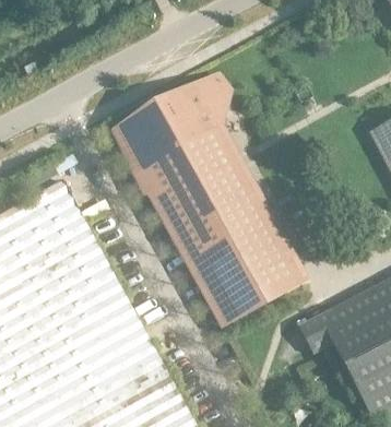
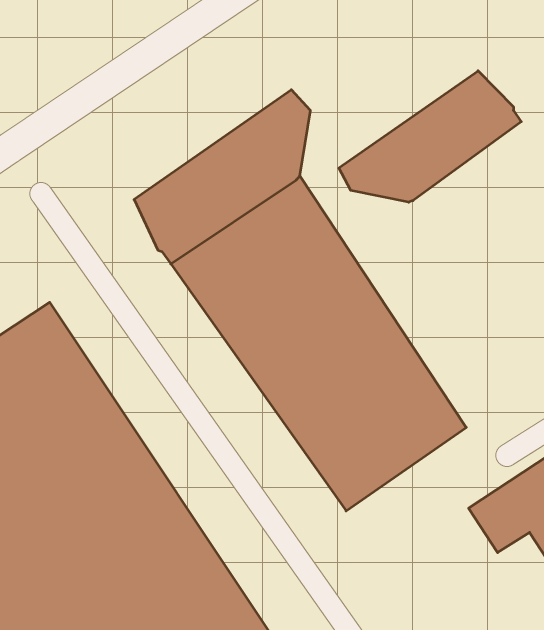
building: none -> [339,71,521,202]

